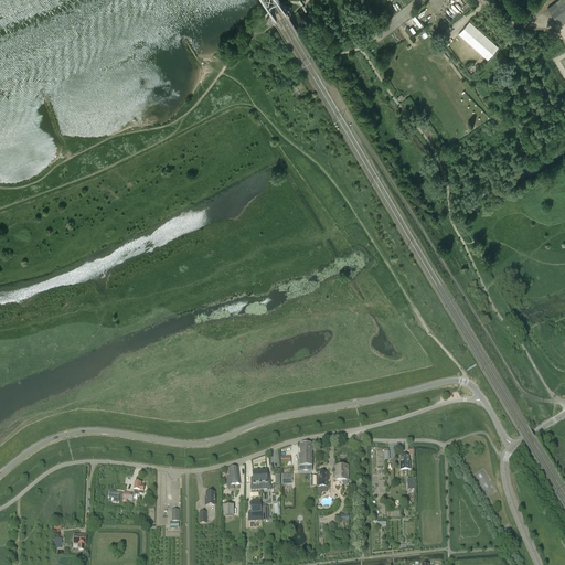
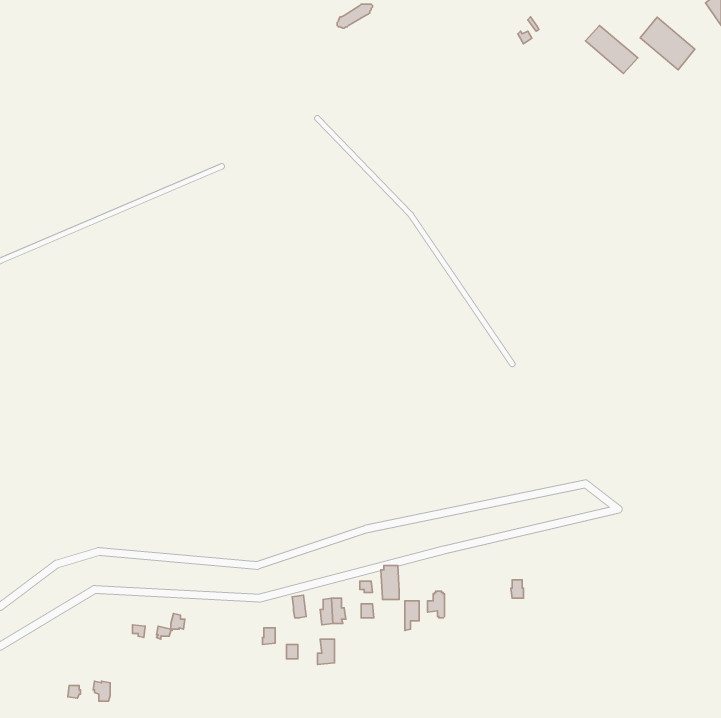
building: none -> [640,17,695,70]

